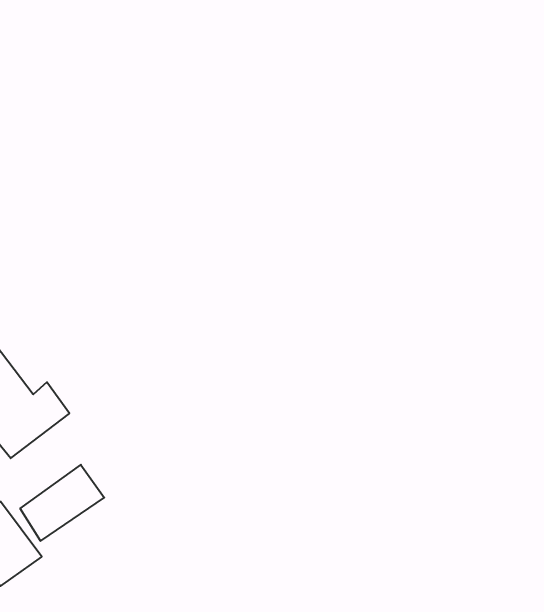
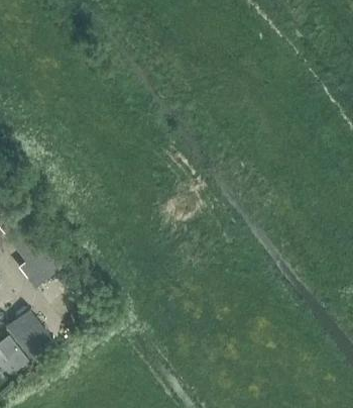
building: [20,465,104,541] -> none

